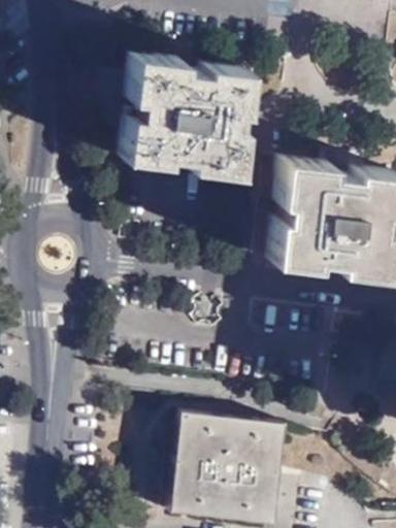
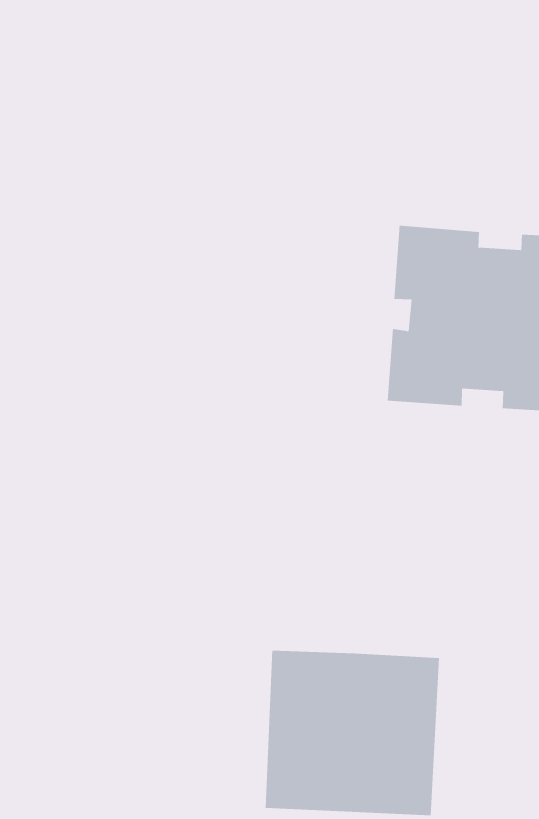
building: [118,60,249,180] -> none

